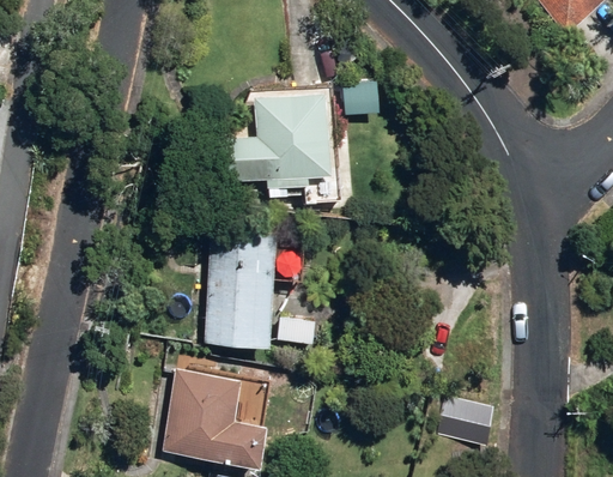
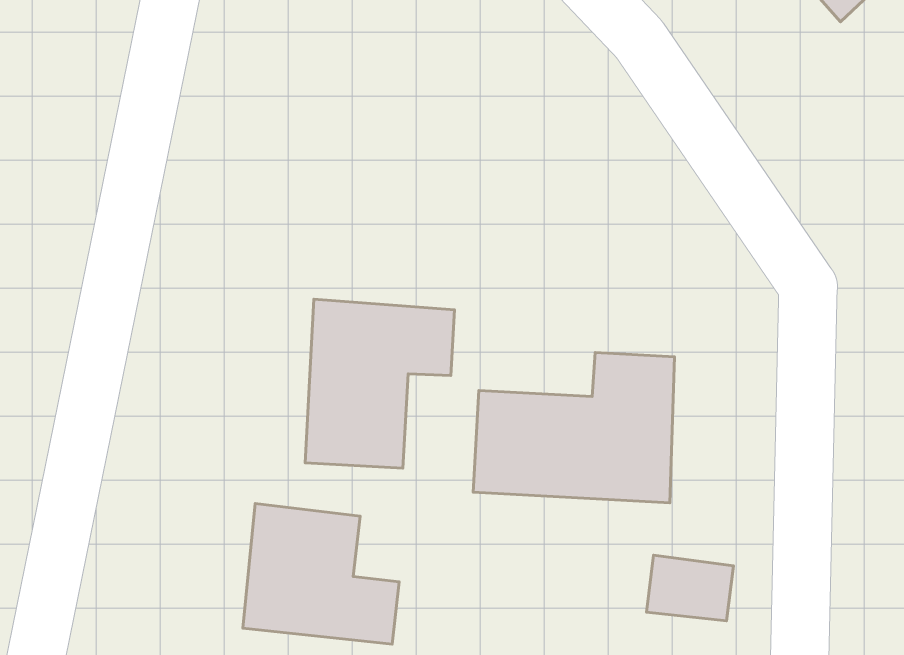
building: [223,86,334,198] -> none
building: none -> [473,352,674,503]

